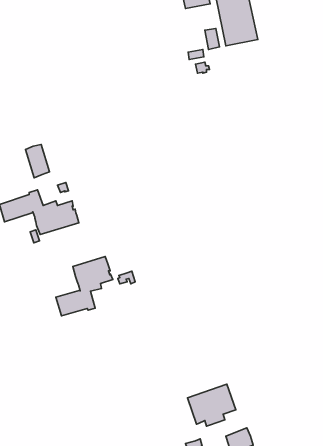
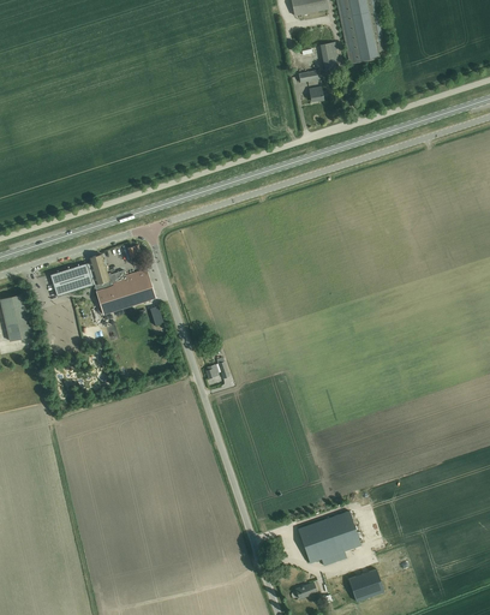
building: [25,144,49,178] -> none
building: [56,256,113,316] -> none

